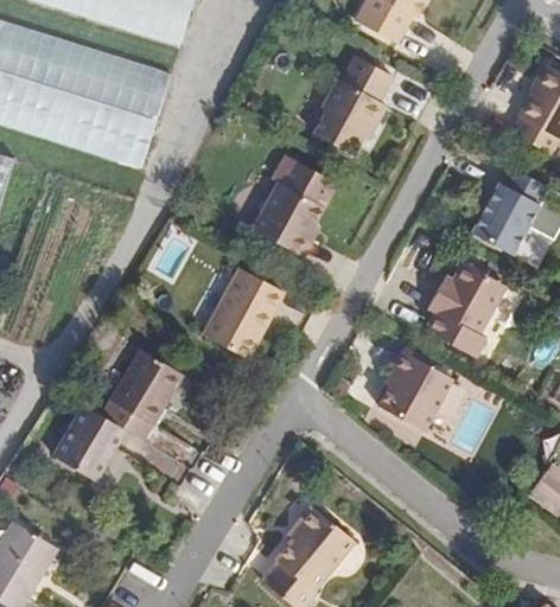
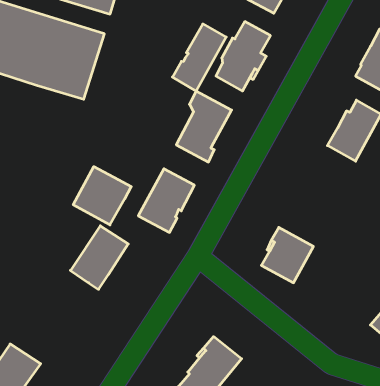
building: none -> [172,24,226,91]
building: [426,261,507,356] -> none
building: none -> [73,167,131,225]
building: [58,402,131,477] -> none

